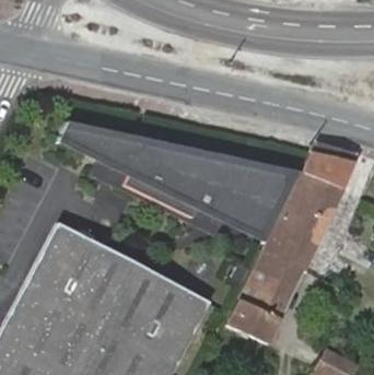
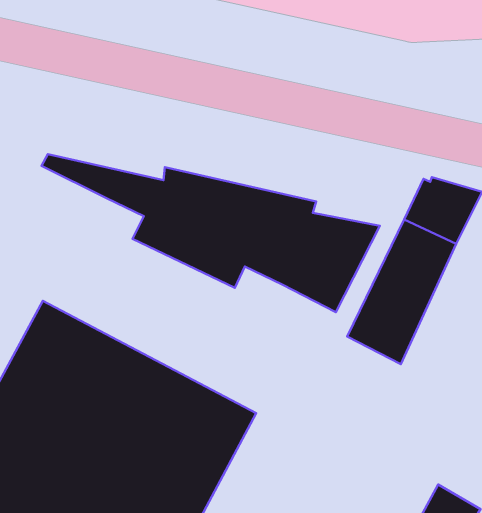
building: [97,155,224,233] -> none
building: [230,248,304,342] -> none

